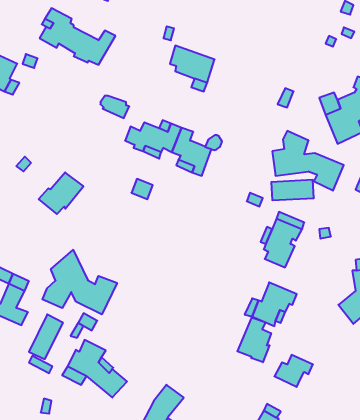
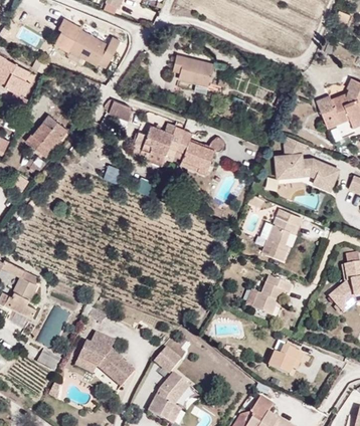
building: [39,172,83,214] -> [18,117,60,156]
building: [42,250,117,314] -> none
building: [237,318,271,362] -> none
building: none -> [152,344,179,370]

